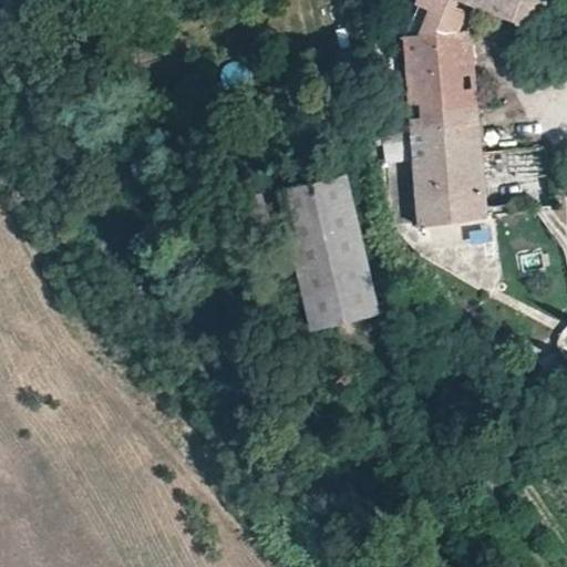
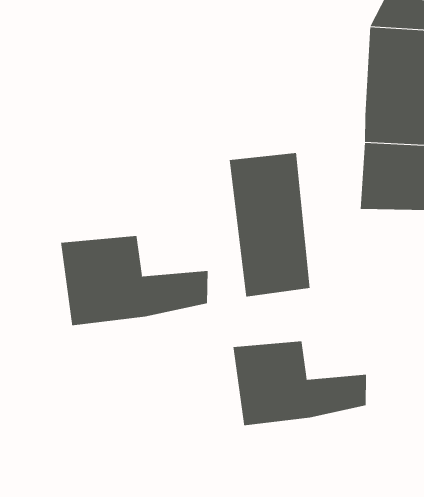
building: none -> [60,235,208,326]
building: none -> [233,340,367,426]

